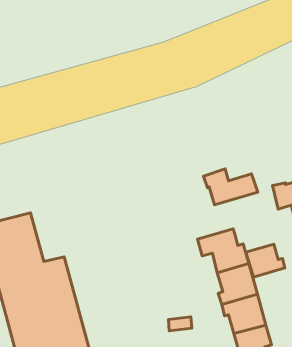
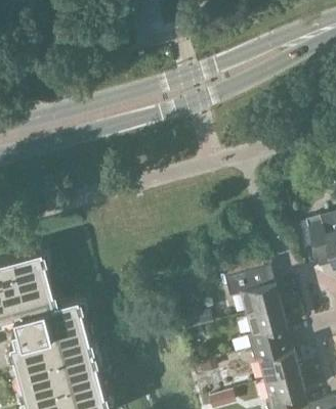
building: [203,169,258,205] -> none
building: [246,244,285,277] -> none

